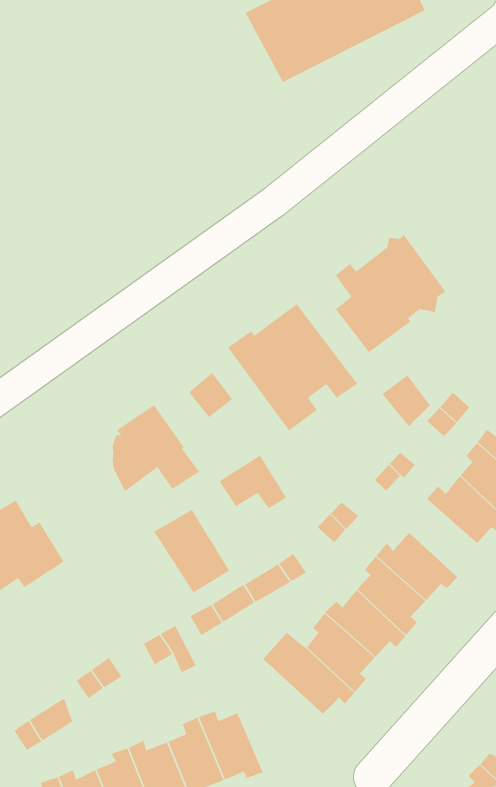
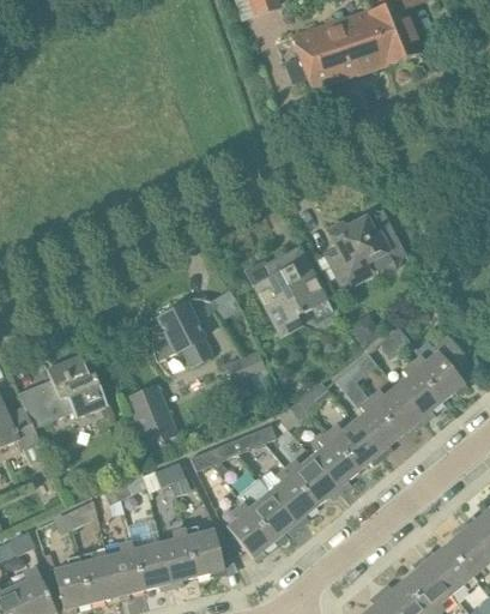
building: none -> [353,398,400,457]
building: [153,509,230,593] -> [126,385,176,445]
building: none -> [225,502,273,562]

